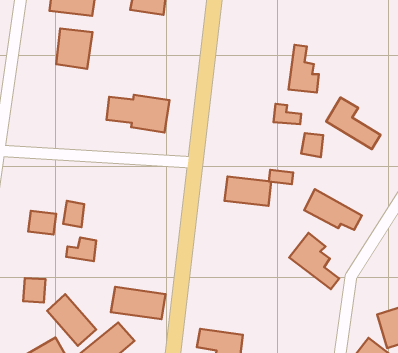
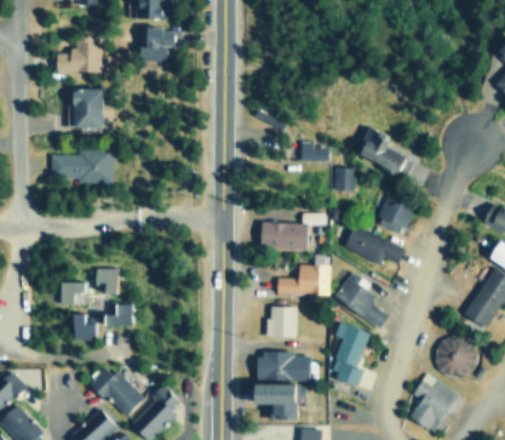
building: [289,45,319,93] -> none
building: [106,95,169,132] -> [52,149,115,184]
building: none -> [378,196,414,235]
building: none -> [279,264,332,296]
building: none -> [269,307,299,337]
building: [23,278,46,303] -> [73,315,96,341]
building: none -> [332,322,372,388]
building: [111,287,166,319] -> [258,354,312,382]

